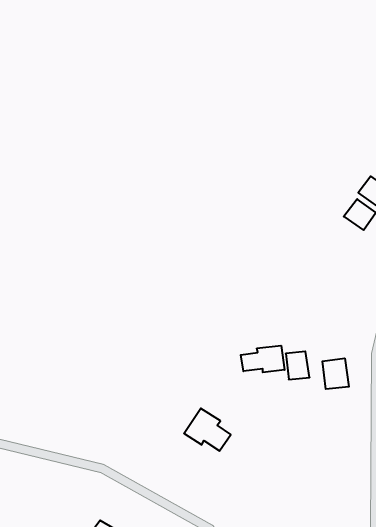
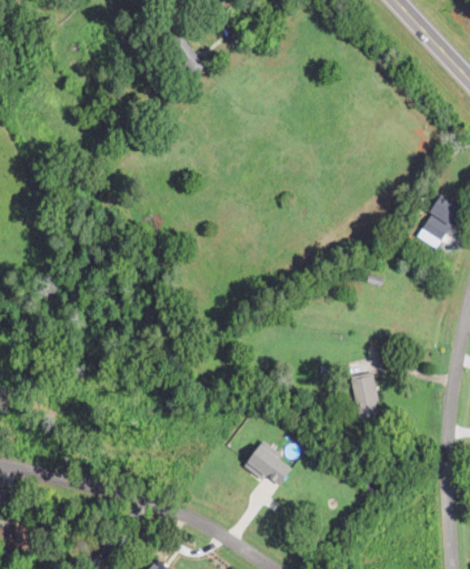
building: [241,346,285,372] -> none
building: [322,358,349,389] -> none

